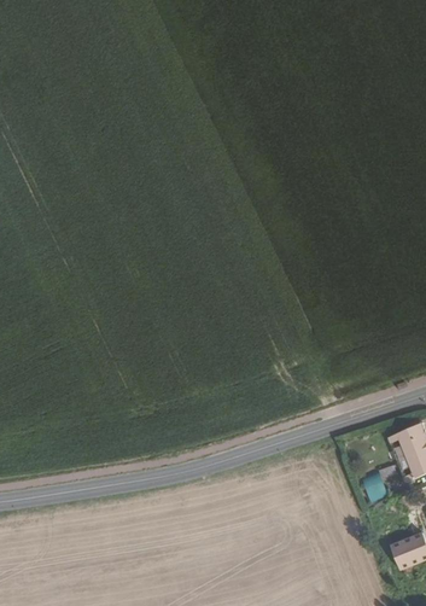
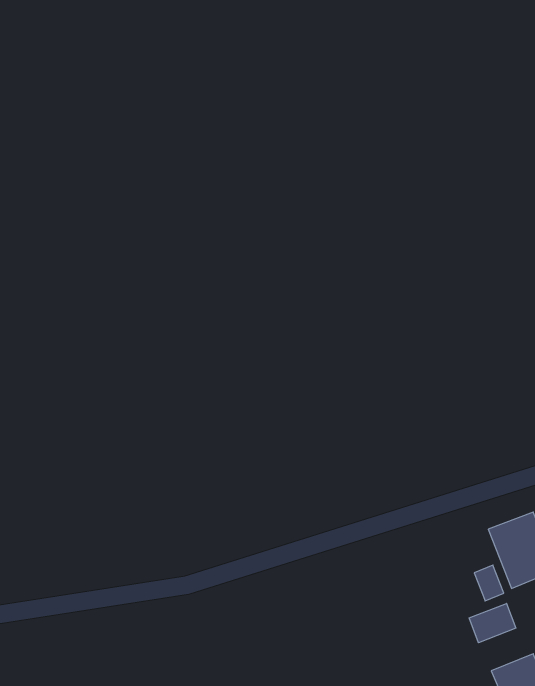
building: none -> [469,603,516,643]

